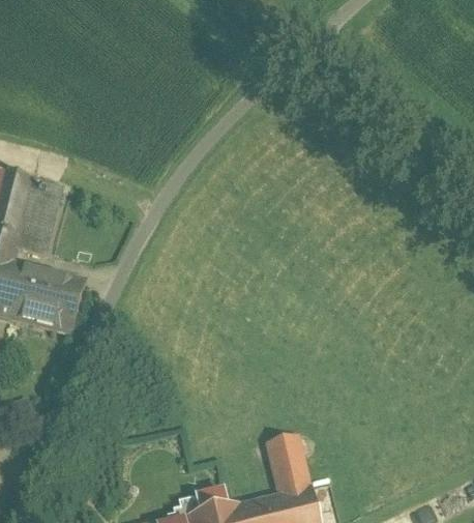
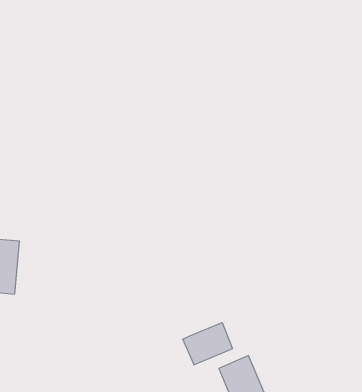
building: none -> [183,323,233,365]

